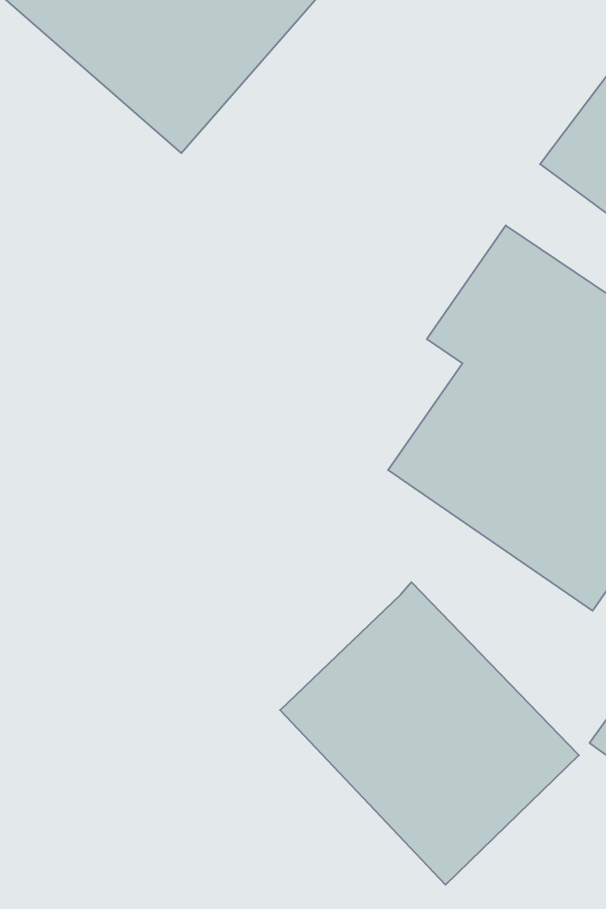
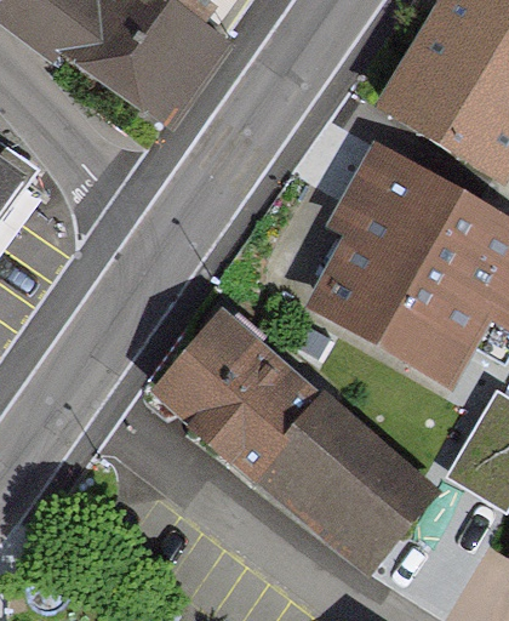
building: none -> [150,307,321,474]

